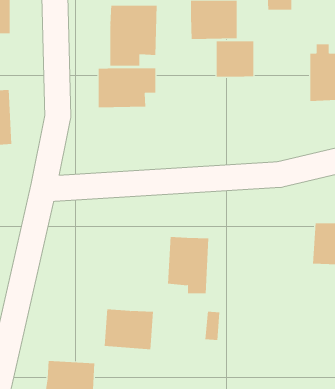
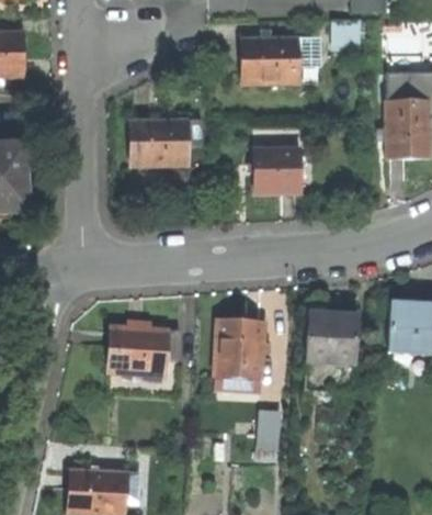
building: [110,5,157,66] -> none
building: [216,41,254,77] -> [254,147,300,191]
building: none -> [305,314,359,367]
building: [104,309,154,350] -> [107,327,168,377]

